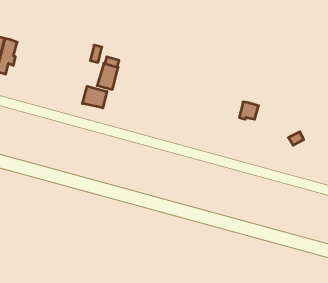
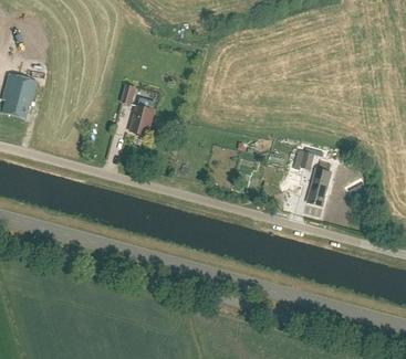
building: [82,86,107,108] -> none
building: none -> [306,168,332,205]

